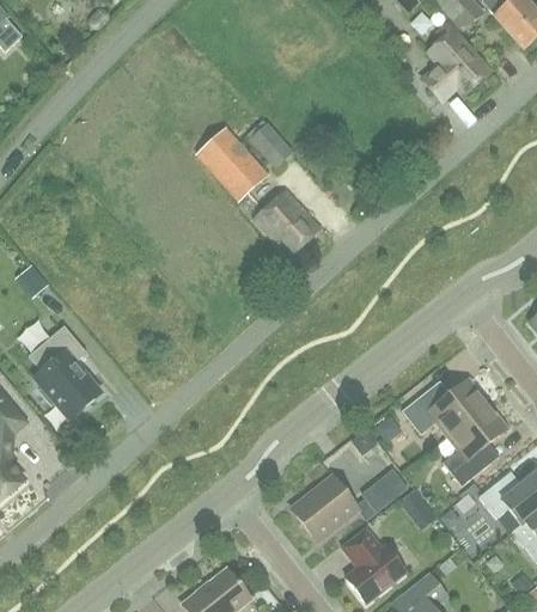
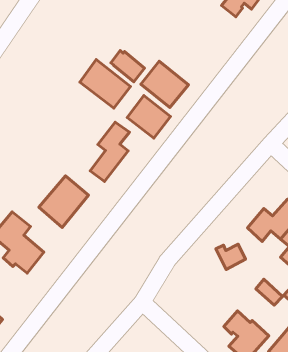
building: none -> [141,61,188,107]
building: none -> [90,122,130,182]
building: none -> [39,176,89,228]
building: [292,469,409,541] -> none

